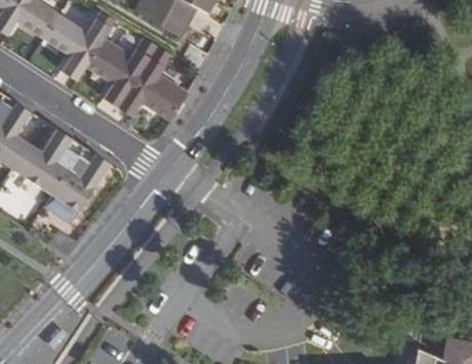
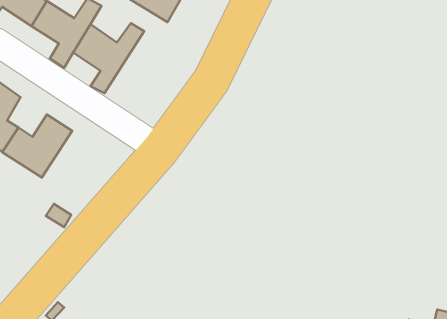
building: [116,45,184,121] -> none
building: [52,146,109,211] -> none

